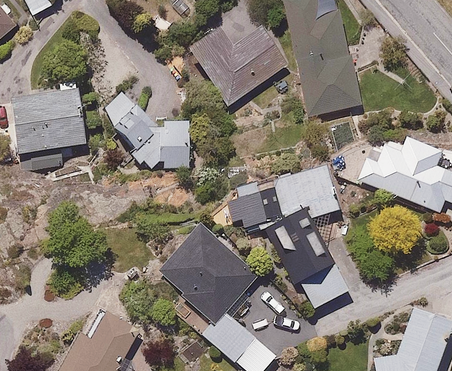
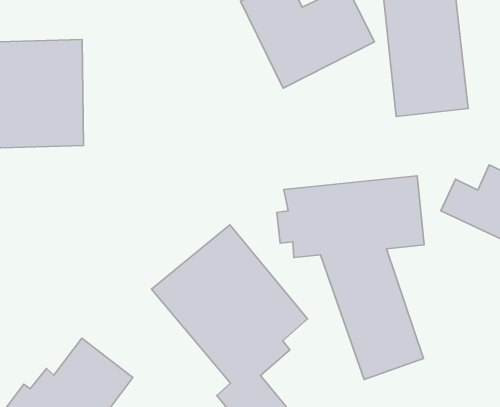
building: [102,95,191,170] -> none

